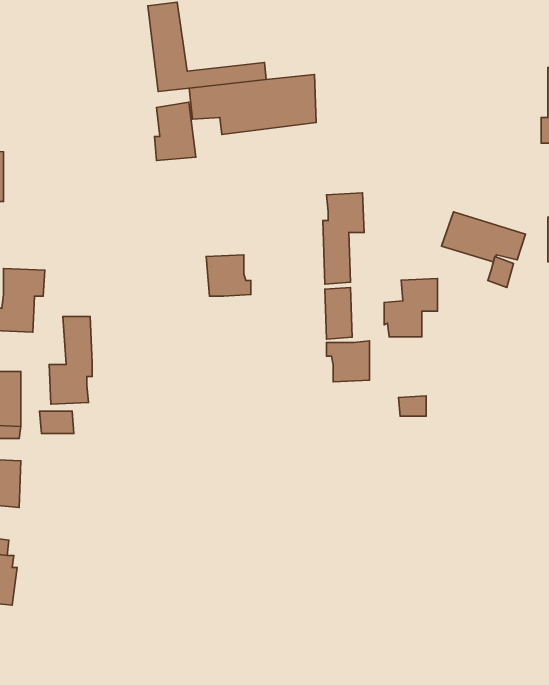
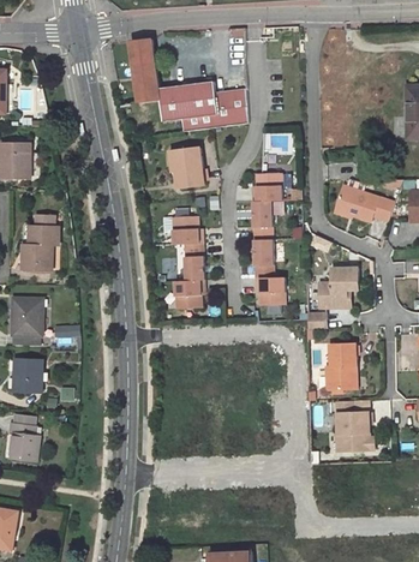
building: [155,102,196,161] -> [174,145,203,186]
building: [384,278,437,337] -> [318,268,355,309]
building: [49,316,92,404] -> [173,246,203,307]
building: none -> [324,346,354,390]
building: none -> [334,400,371,450]

